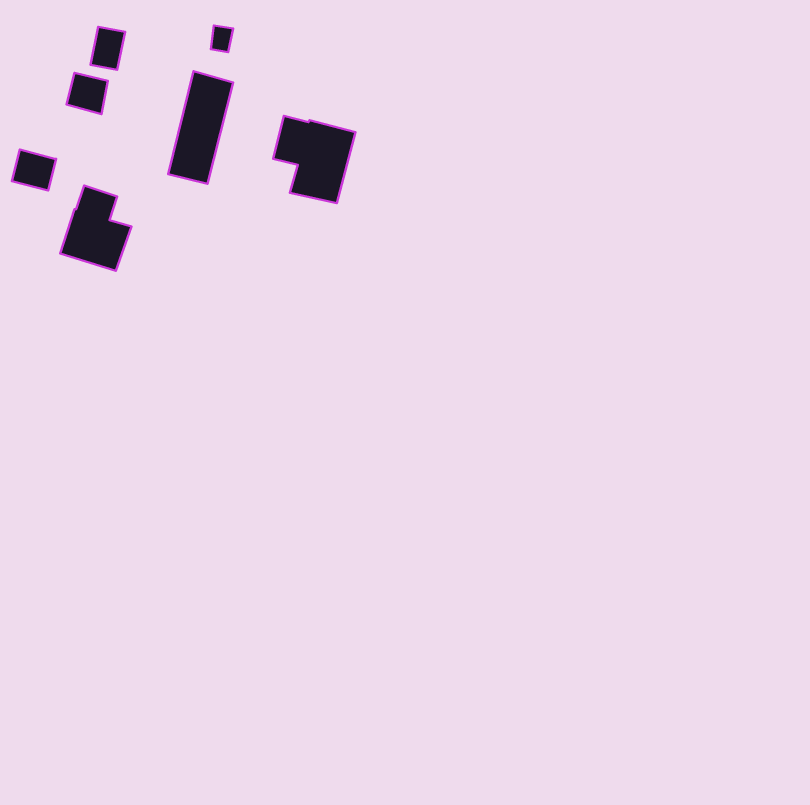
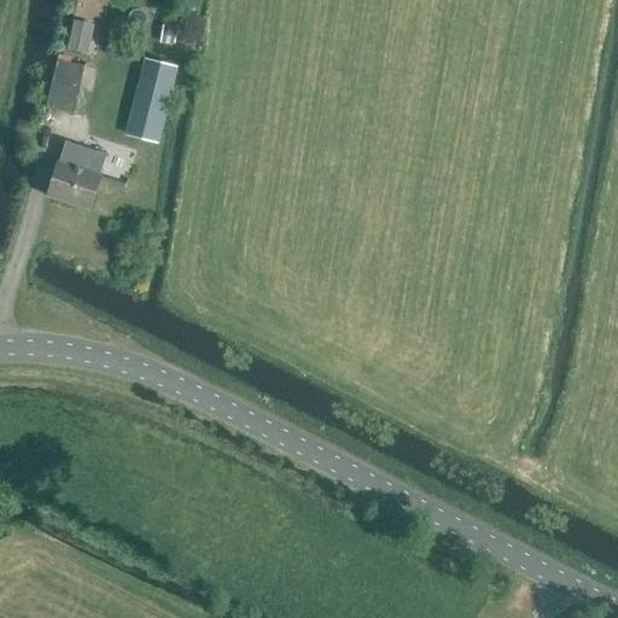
building: [273,116,355,203] -> none
building: [12,149,56,191] -> [45,80,78,111]

